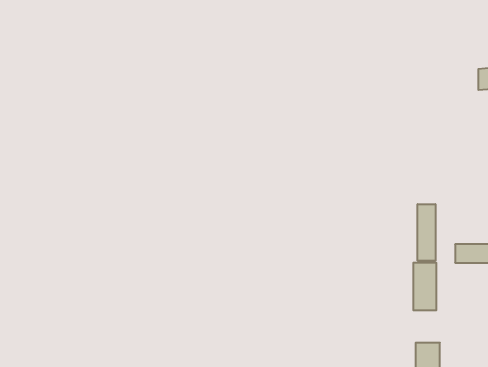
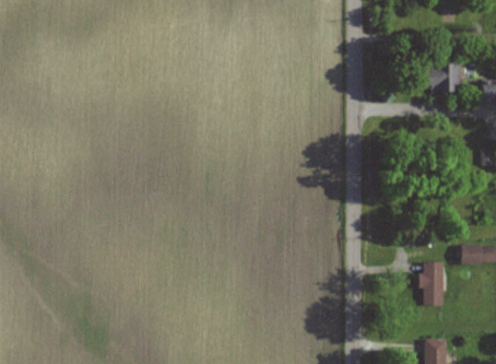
building: none -> [423,64,460,91]
building: [418,204,435,261] -> none

